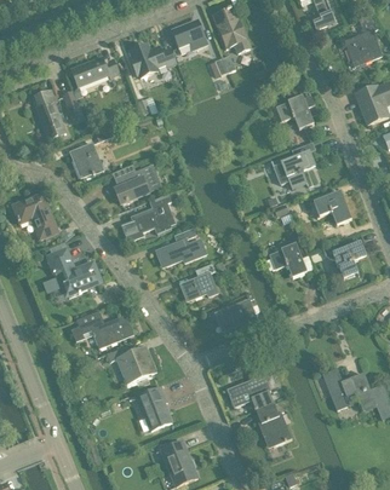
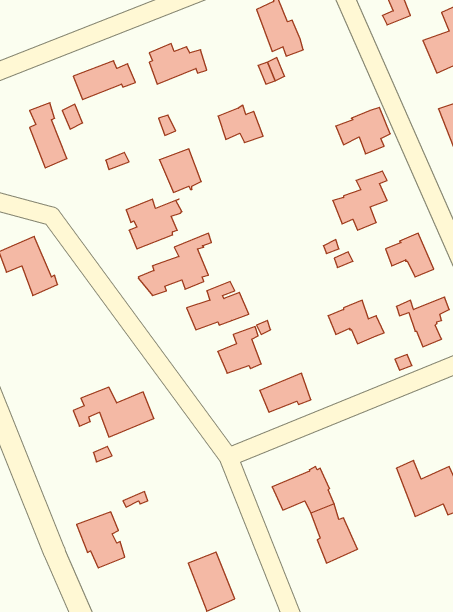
building: [172,21,207,50] -> [218,105,263,143]
building: [69,144,102,178] -> [159,149,201,192]
building: [46,248,99,296] -> none
building: [105,346,154,382] -> none
building: [133,386,171,430] -> [77,512,125,568]

